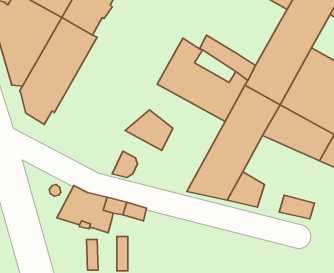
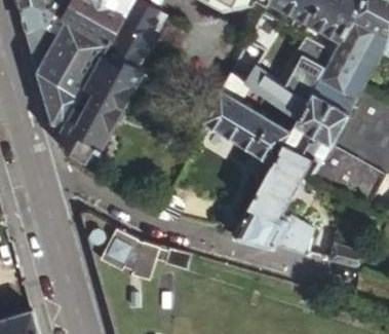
building: none -> [285,42,332,103]
building: [125,110,173,151] -> none

